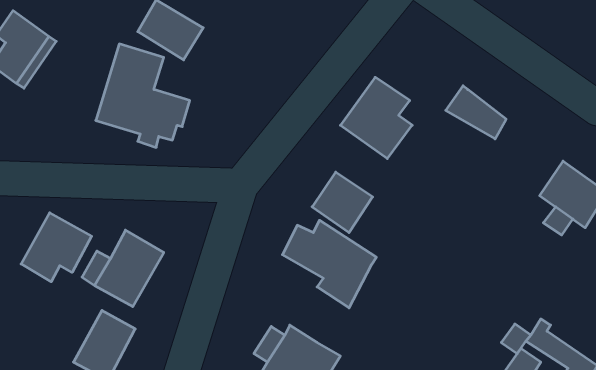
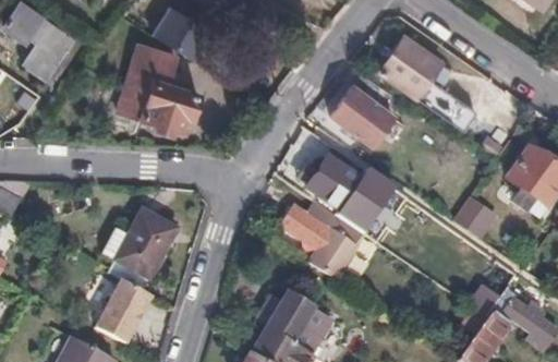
building: none -> [379,36,453,104]
building: none -> [338,170,398,232]
building: [21,213,92,282] -> none
building: none -> [453,197,496,239]

